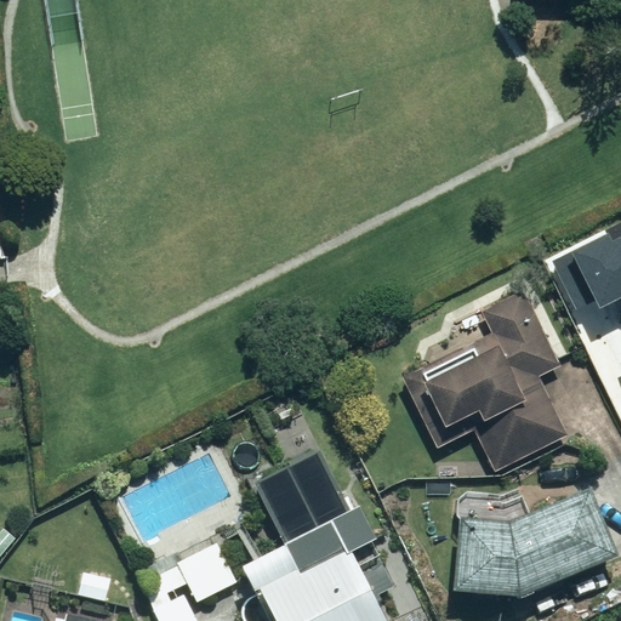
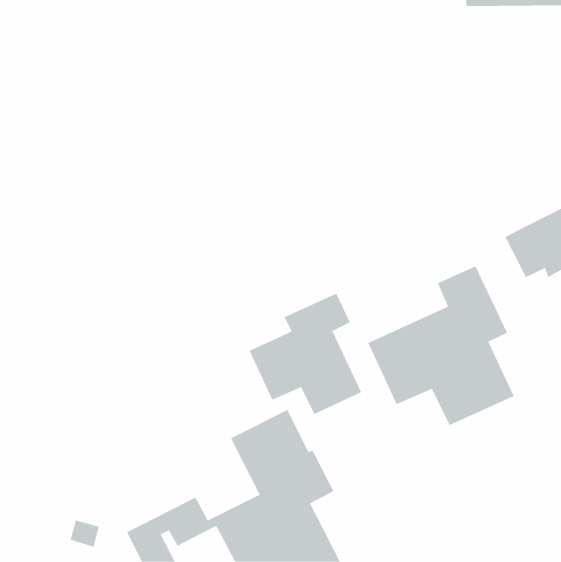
building: none -> [249,293,362,415]
building: [448,490,615,599] -> none

